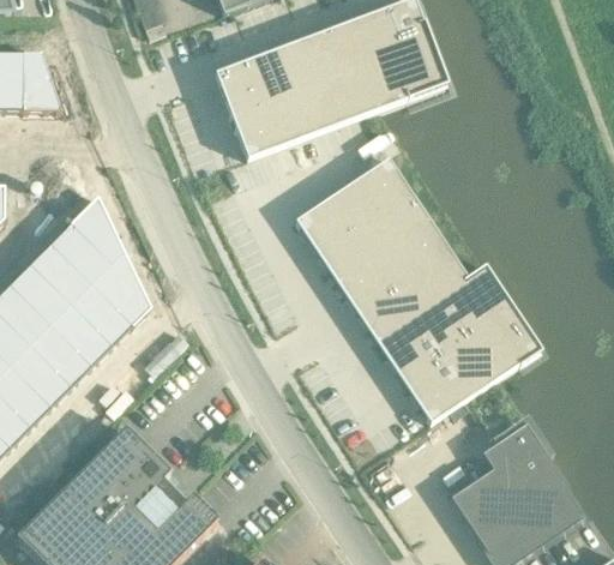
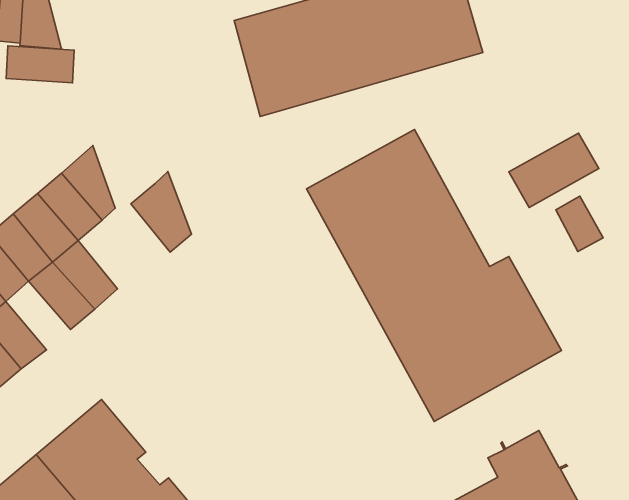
building: none -> [6,46,74,83]
building: none -> [509,133,599,207]
building: none -> [556,196,603,251]
building: [91,252,149,325] -> [131,172,192,252]
building: [30,325,91,386] -> none

